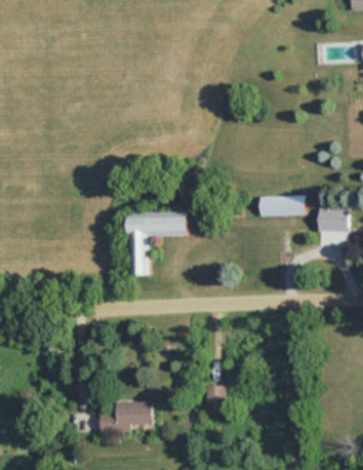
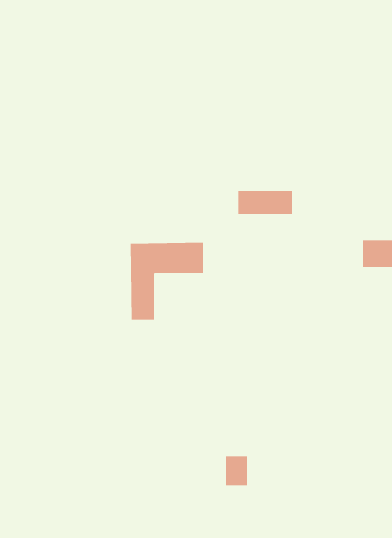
building: [258,197,304,217] -> [237,190,293,214]
building: [99,401,152,432] -> none

